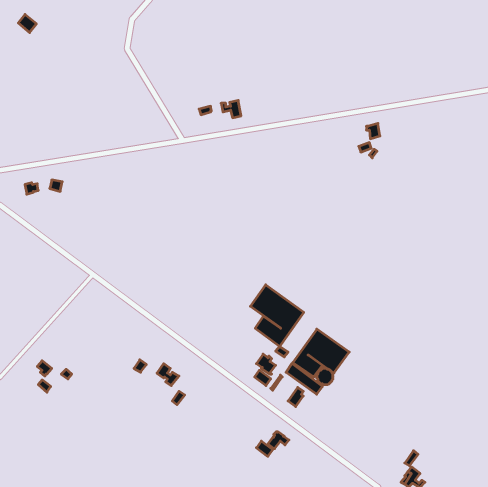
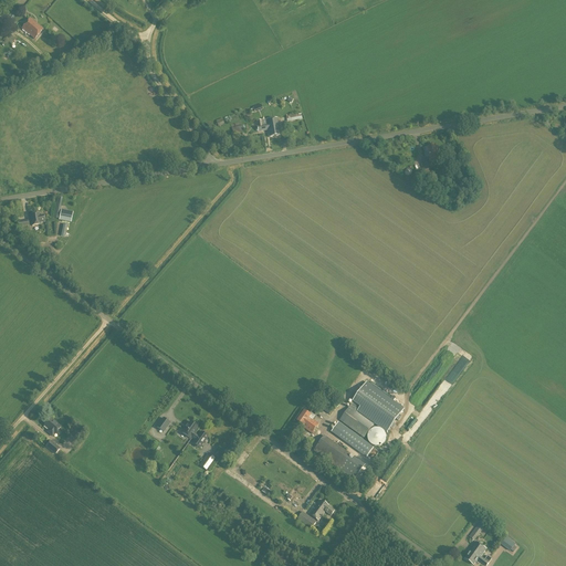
building: [250,285,304,346] -> none

